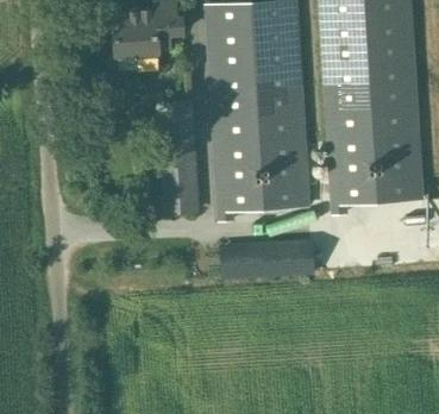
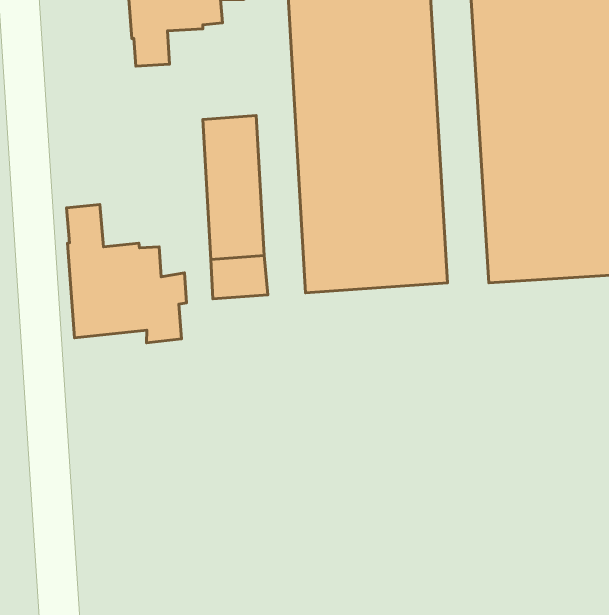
building: none -> [67,205,187,343]
building: [222,244,314,278] -> none

